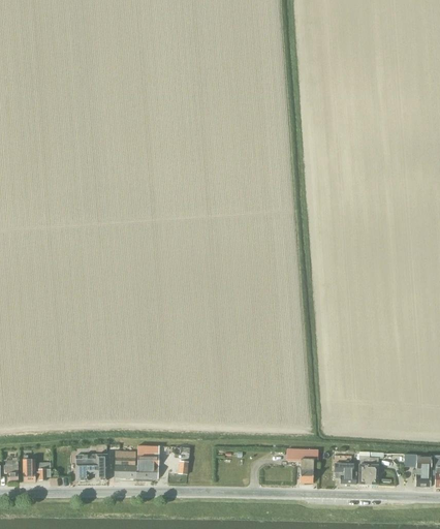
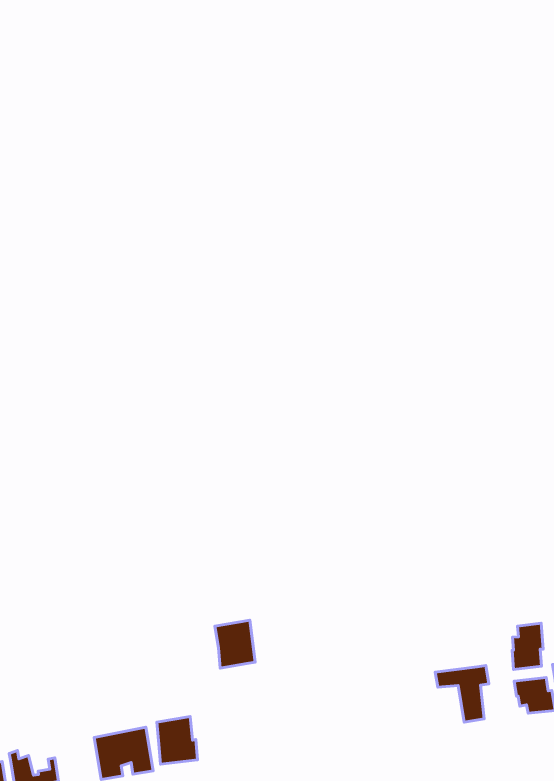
building: none -> [512,623,543,669]
building: [135,452,158,477] -> [215,620,255,668]

